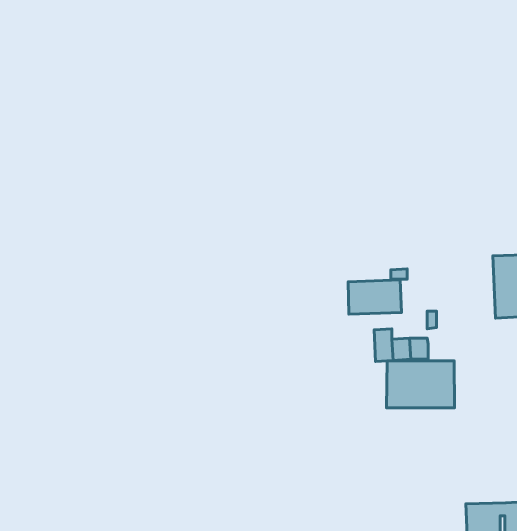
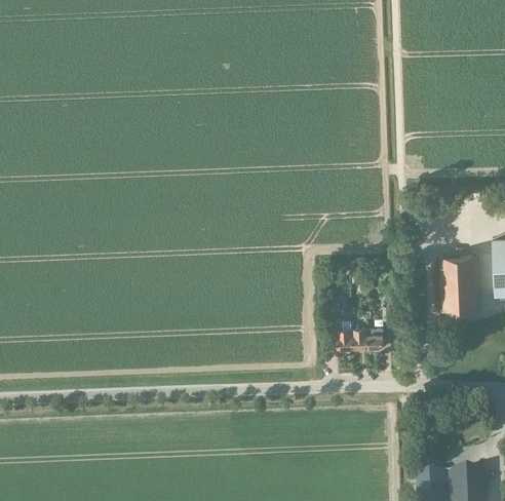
building: [348,280,402,314] -> none
building: [386,361,455,408] -> none

